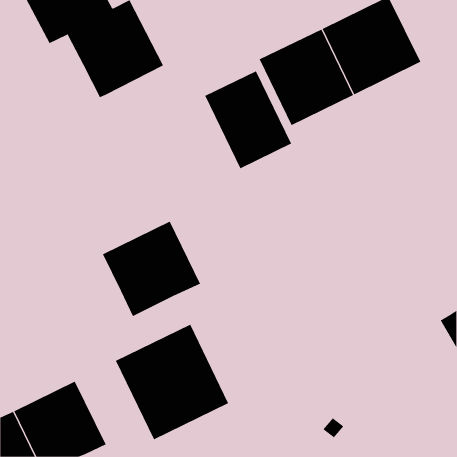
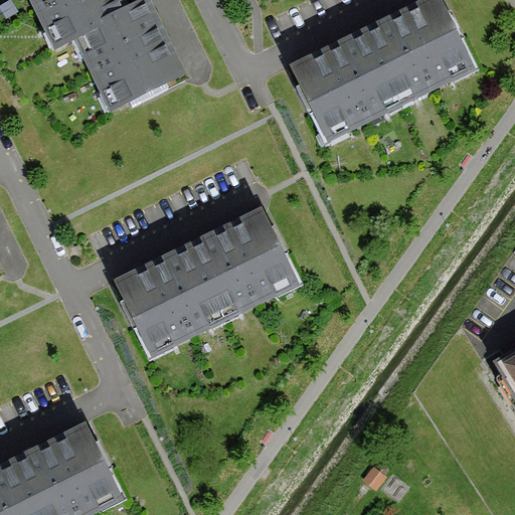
building: [205,70,292,169] -> none
building: none -> [191,212,298,318]
building: [115,324,229,440] -> none

